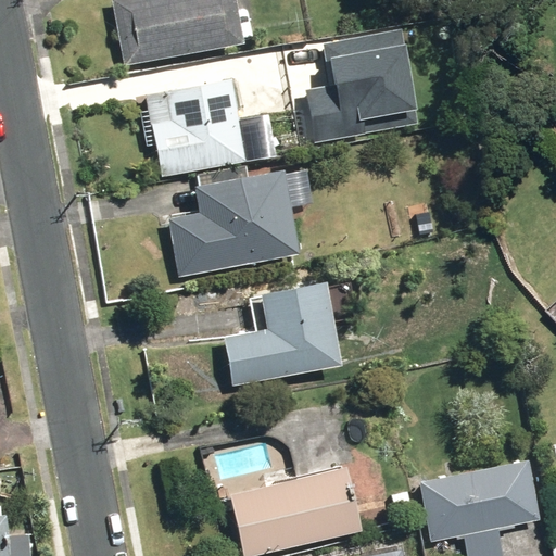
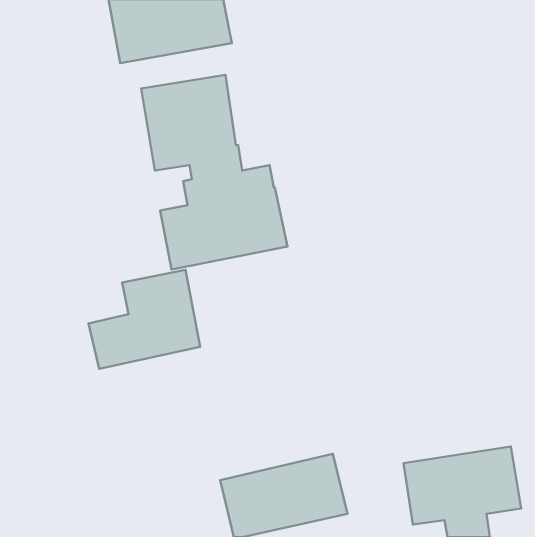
building: [304,26,414,125] -> none
building: [224,283,339,386] -> [89,270,200,369]

